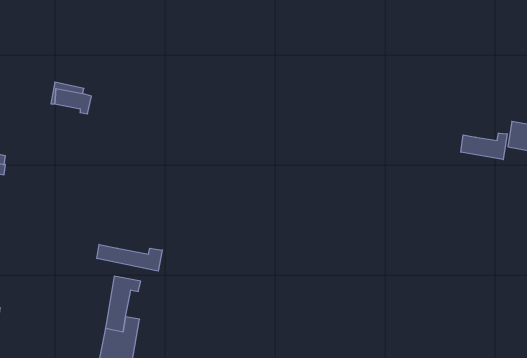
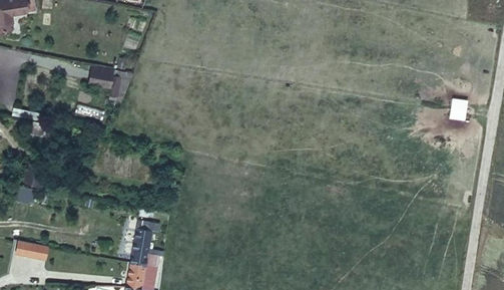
building: [461,133,507,160] -> none
building: [97,244,162,271] -> none

